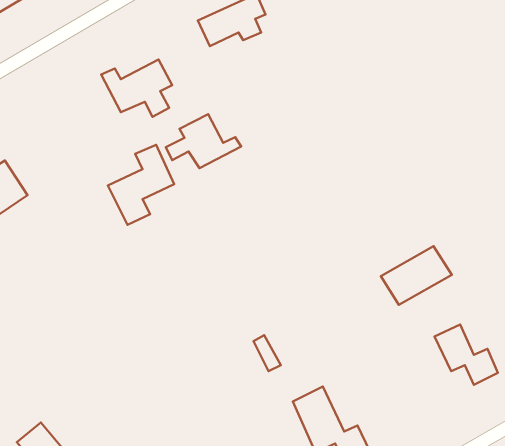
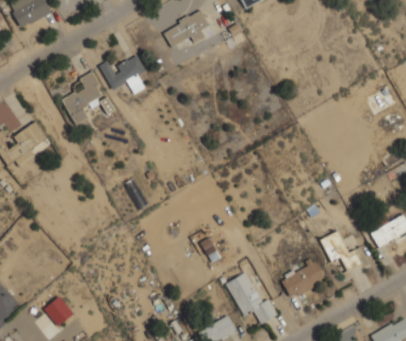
building: [166,114,241,168] -> none
building: [108,145,174,225] -> [61,72,105,125]
building: [381,246,452,305] -> [279,259,326,298]

